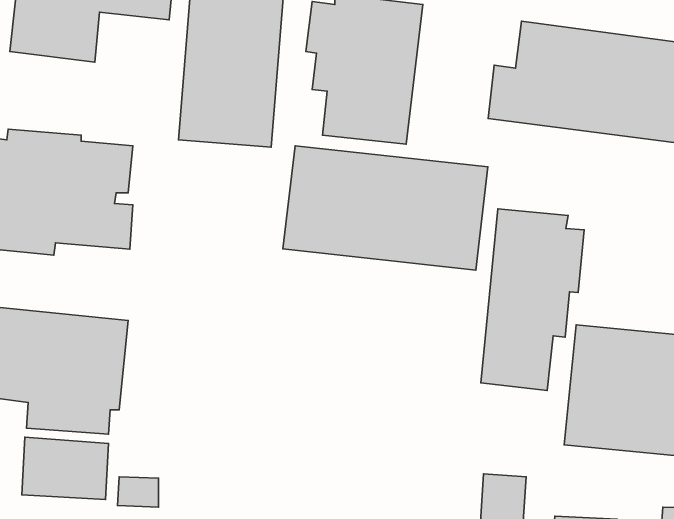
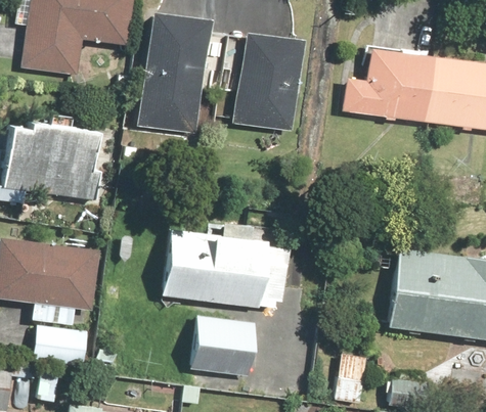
building: [283,146,488,270] -> [159,226,297,310]
building: [481,209,584,390] -> none
building: none -> [184,315,260,376]

